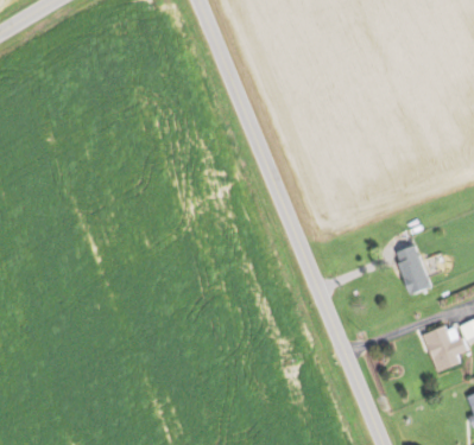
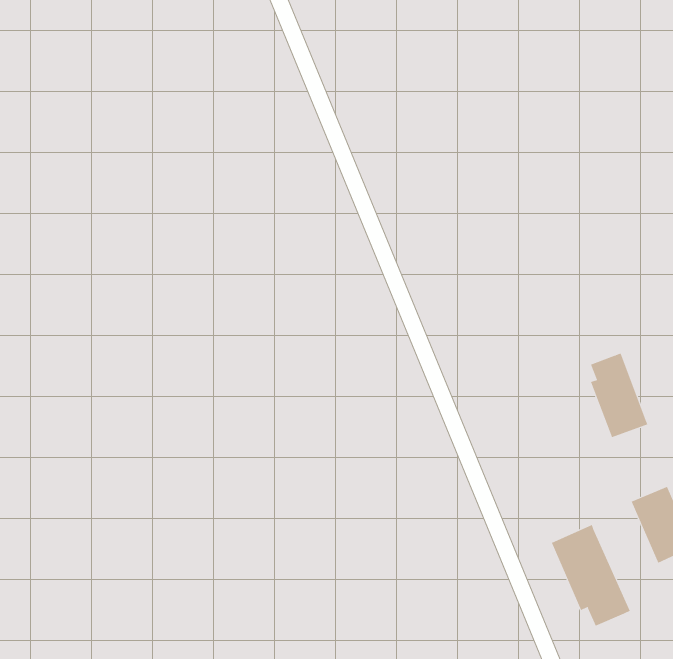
building: none -> [551,524,630,627]

